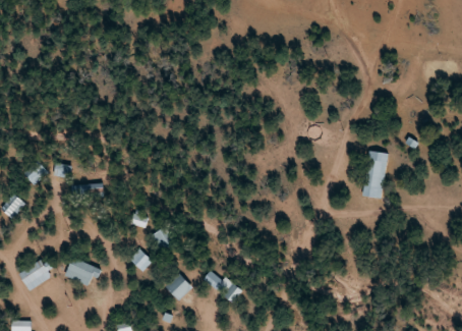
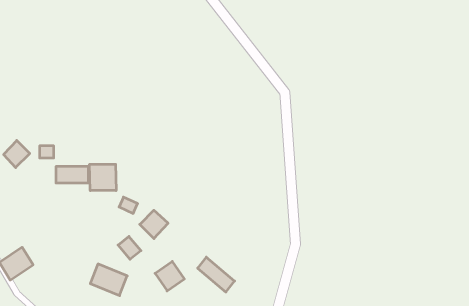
building: [361,150,388,199] -> none
building: none -> [90,164,116,191]
building: [65,257,100,286] -> [90,264,127,296]

